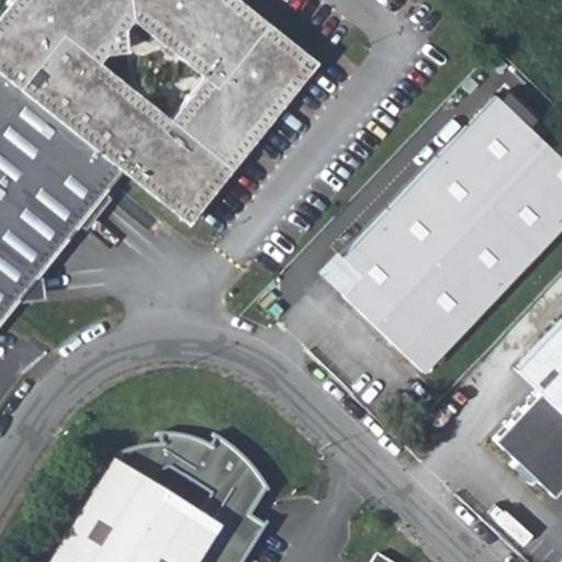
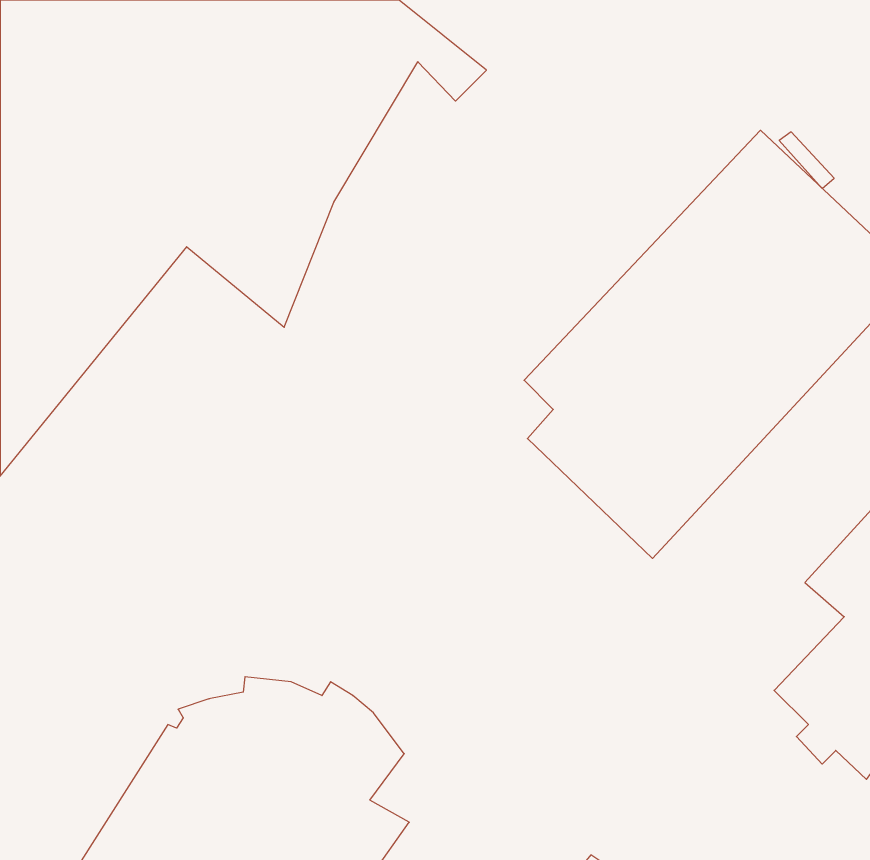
building: [186,49,319,223] -> none

